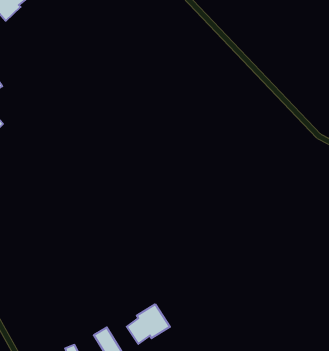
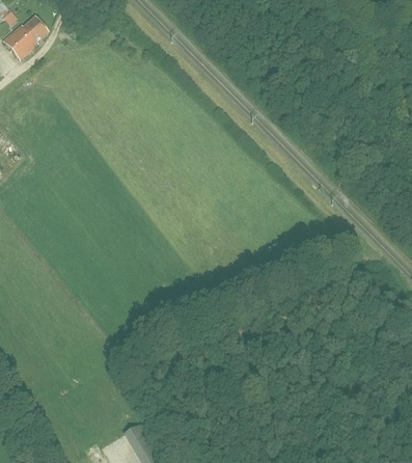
building: [127,304,170,344] -> none

